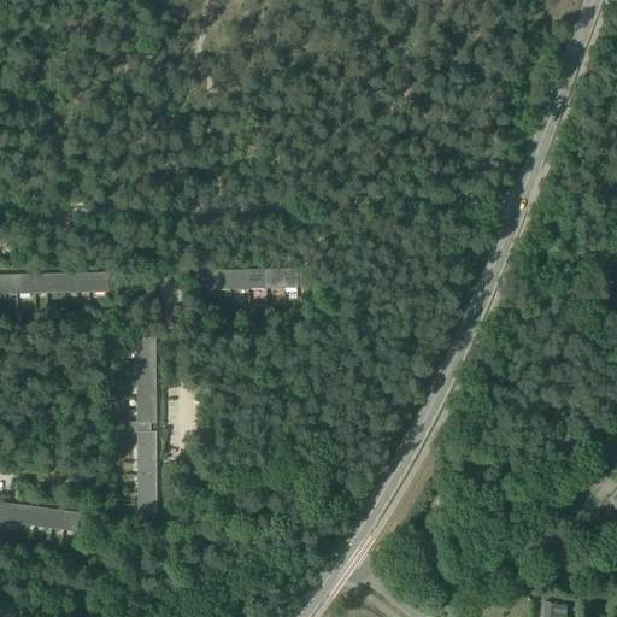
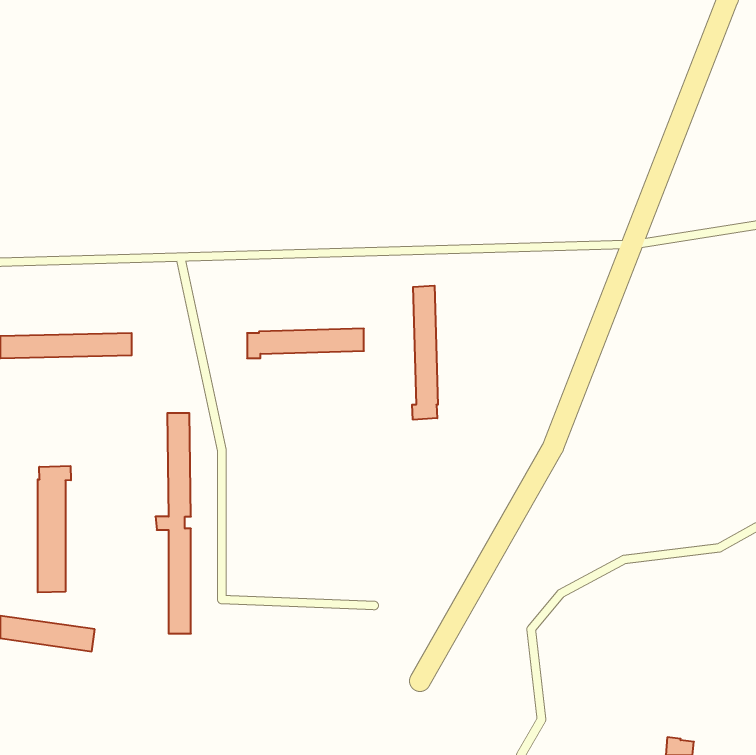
building: none -> [412,286,438,420]
building: none -> [38,466,71,592]

